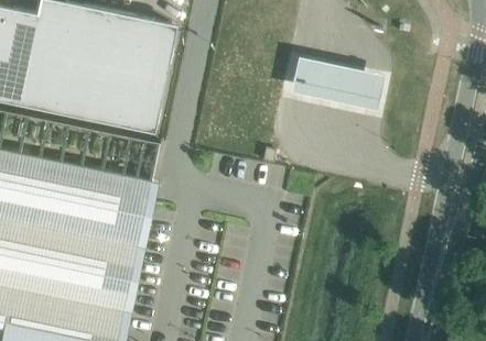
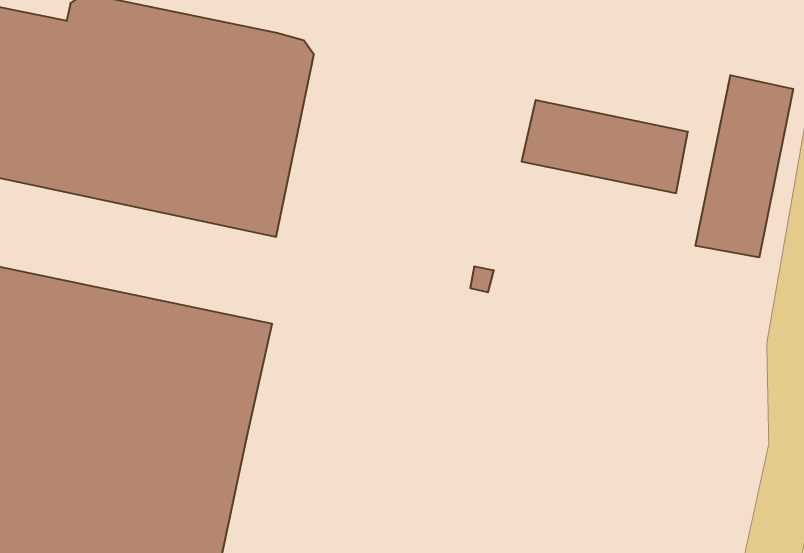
building: none -> [695,75,793,257]

